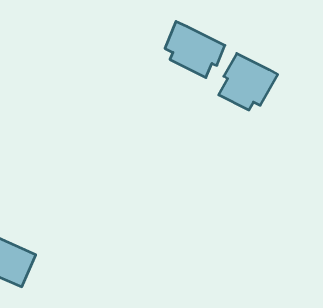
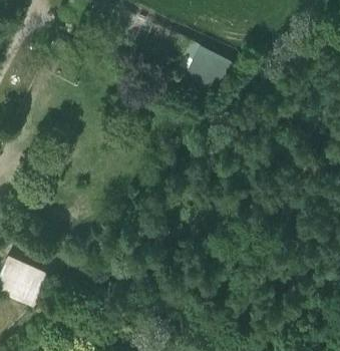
building: [219,53,278,110] -> none

